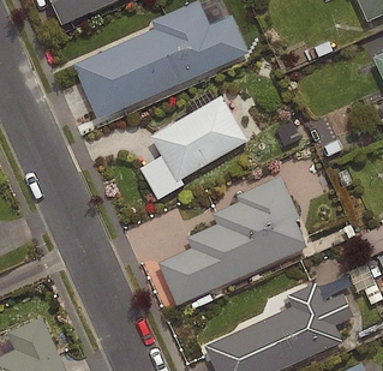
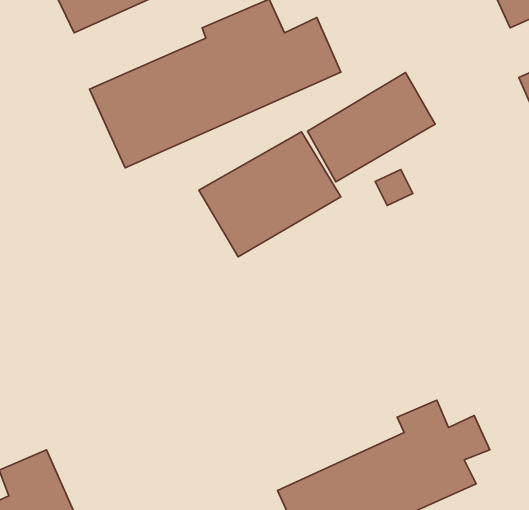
building: none -> [307,73,435,182]
building: [158,176,307,305] -> none

